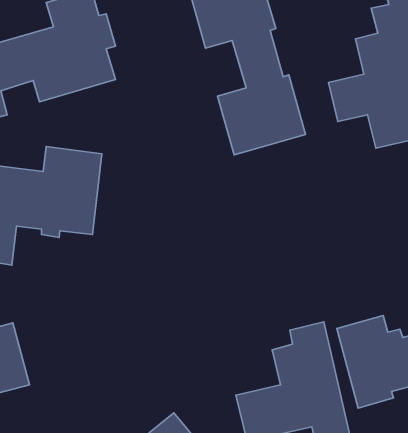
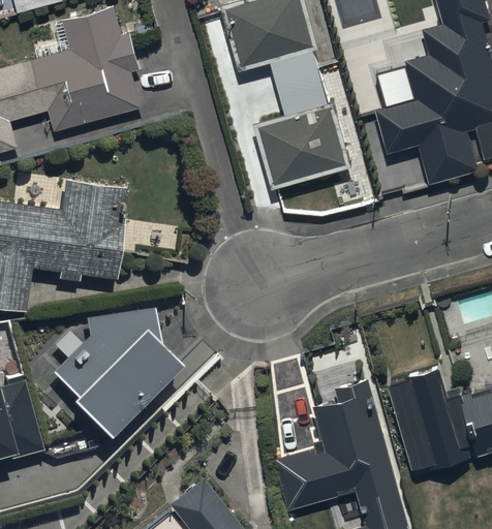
building: none -> [51,308,181,442]

